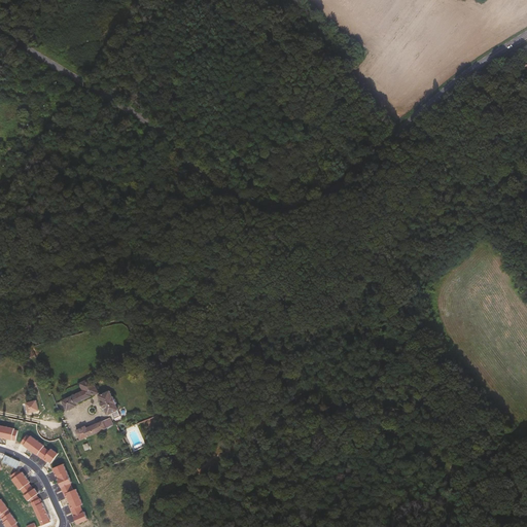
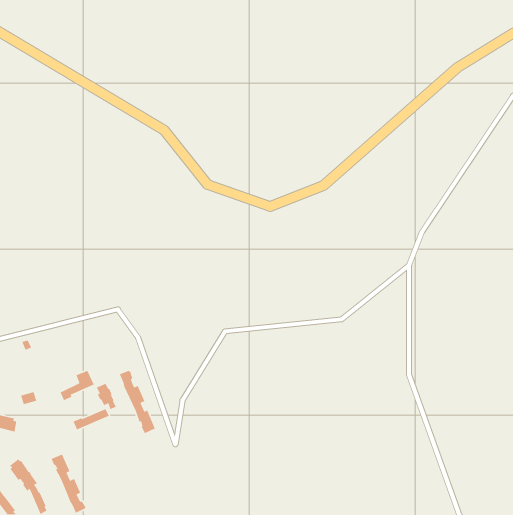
building: none -> [119,370,156,434]
building: [17,433,57,463] -> none

